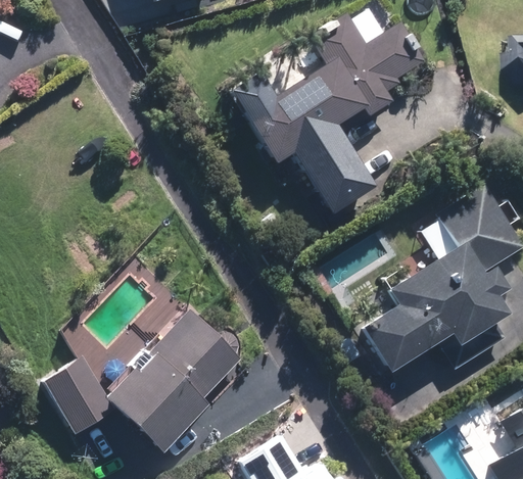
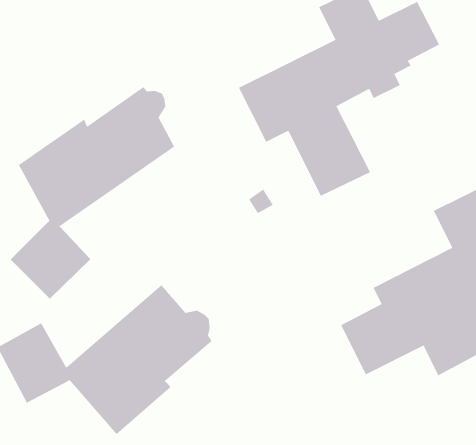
building: none -> [10,86,175,300]

